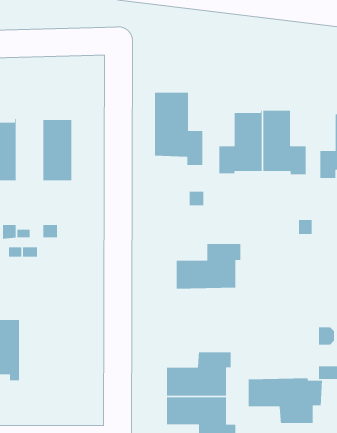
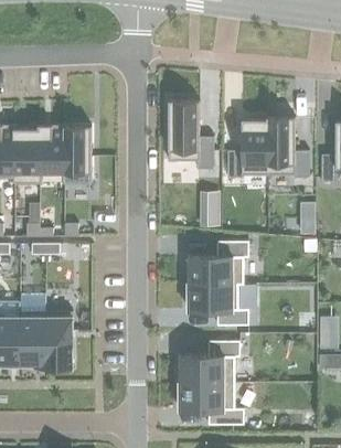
building: none -> [39,125,63,183]
building: none -> [42,311,72,369]
building: [248,378,323,424] -> [187,282,256,326]

